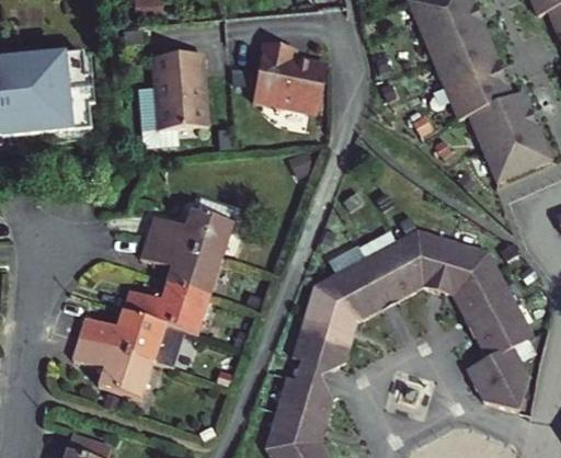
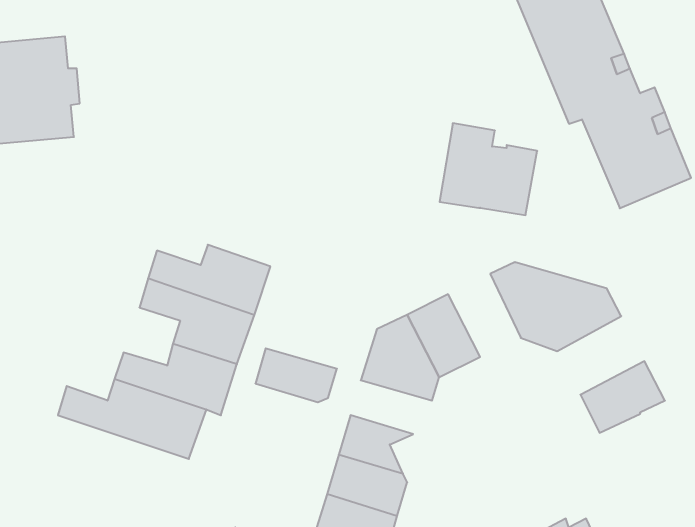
building: [254,45,328,114] -> [440,123,537,215]
building: [152,57,210,135] -> none
building: [367,234,422,297] -> none
building: [449,266,515,325] -> none
building: [294,314,355,355] -> [255,348,337,402]
building: [462,340,528,408] -> none
building: [68,341,152,400] -> none

